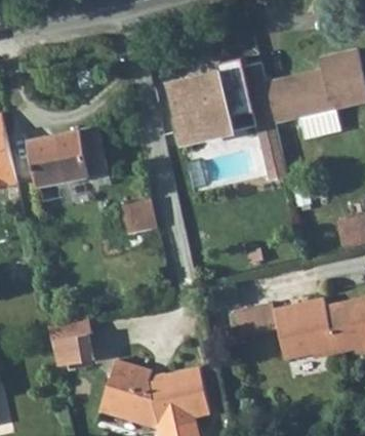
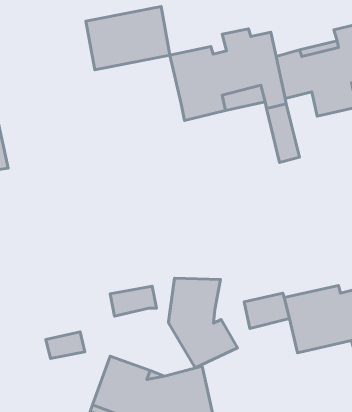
building: [35,128,113,187] -> [86,7,170,70]
building: [123,201,157,234] -> none
building: none -> [169,278,237,368]
building: [49,317,92,345] -> [110,286,157,316]

